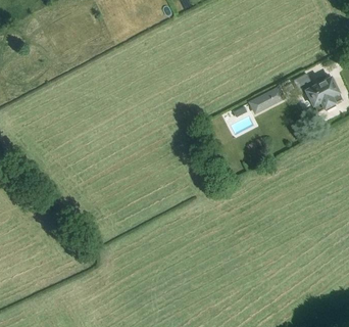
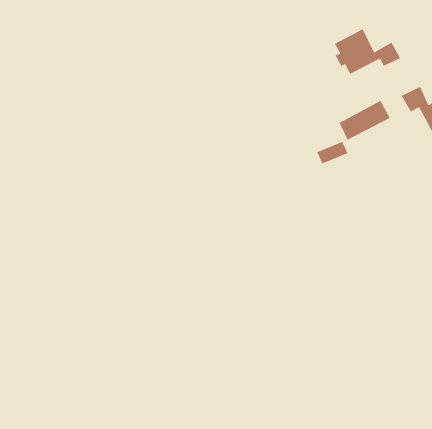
building: none -> [334,28,401,75]

